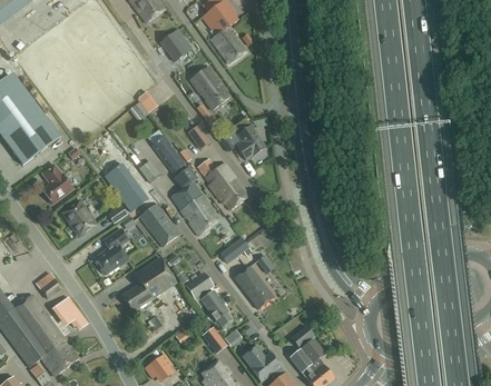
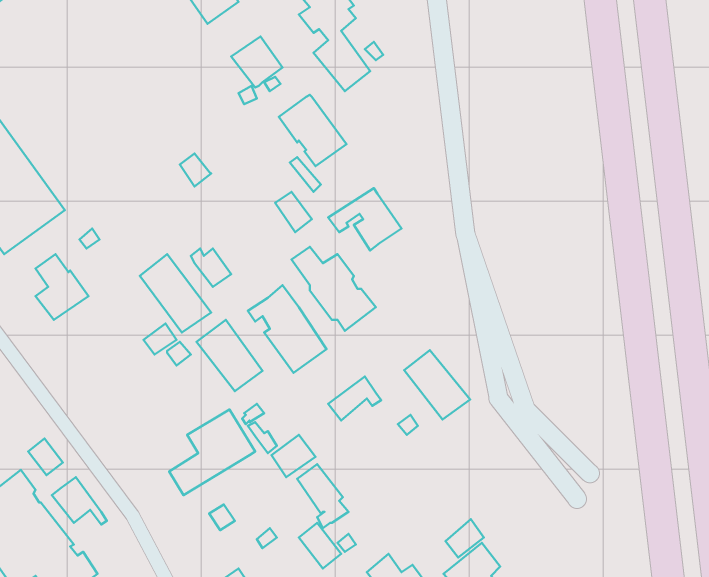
building: [151,135,186,174] -> none
building: [62,201,94,234] -> none
building: [94,227,128,274] -> none
building: [234,266,274,308] -> [404,350,470,420]

